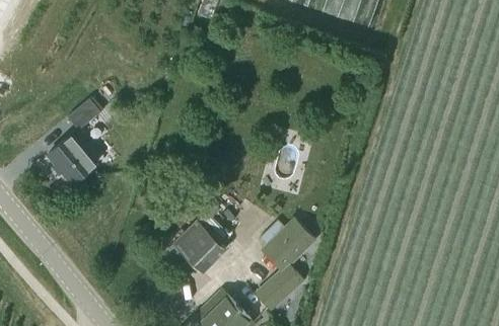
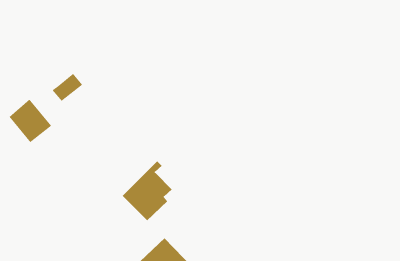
building: [66,98,101,131] -> [52,73,83,102]
building: [257,227,306,309] -> none

